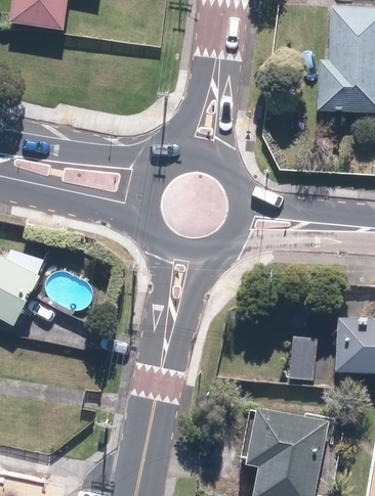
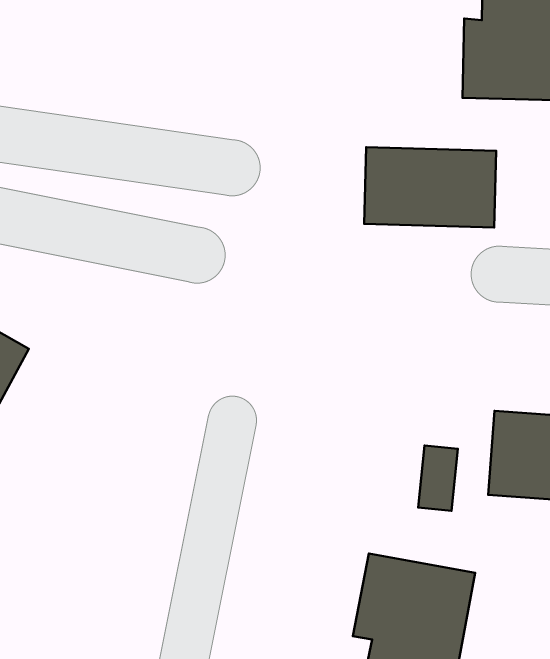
building: none -> [364,147,496,228]

